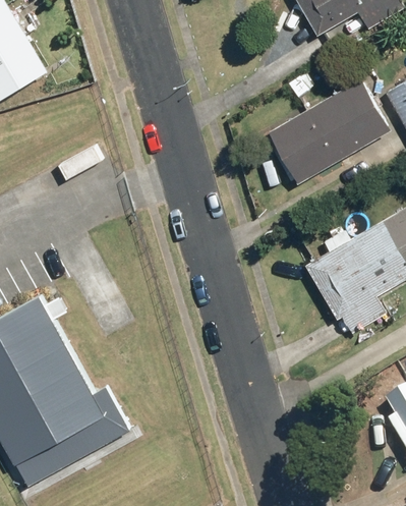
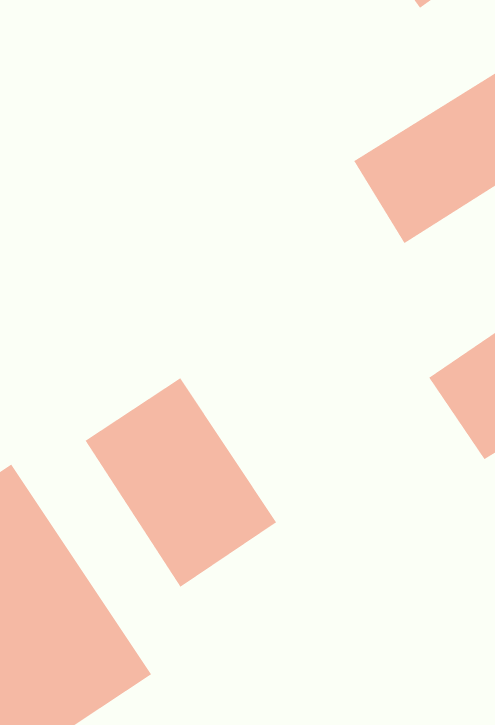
building: none -> [84,377,277,588]

